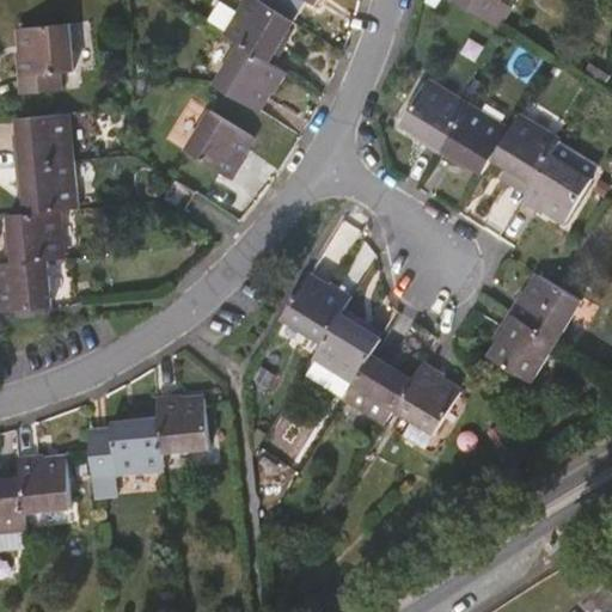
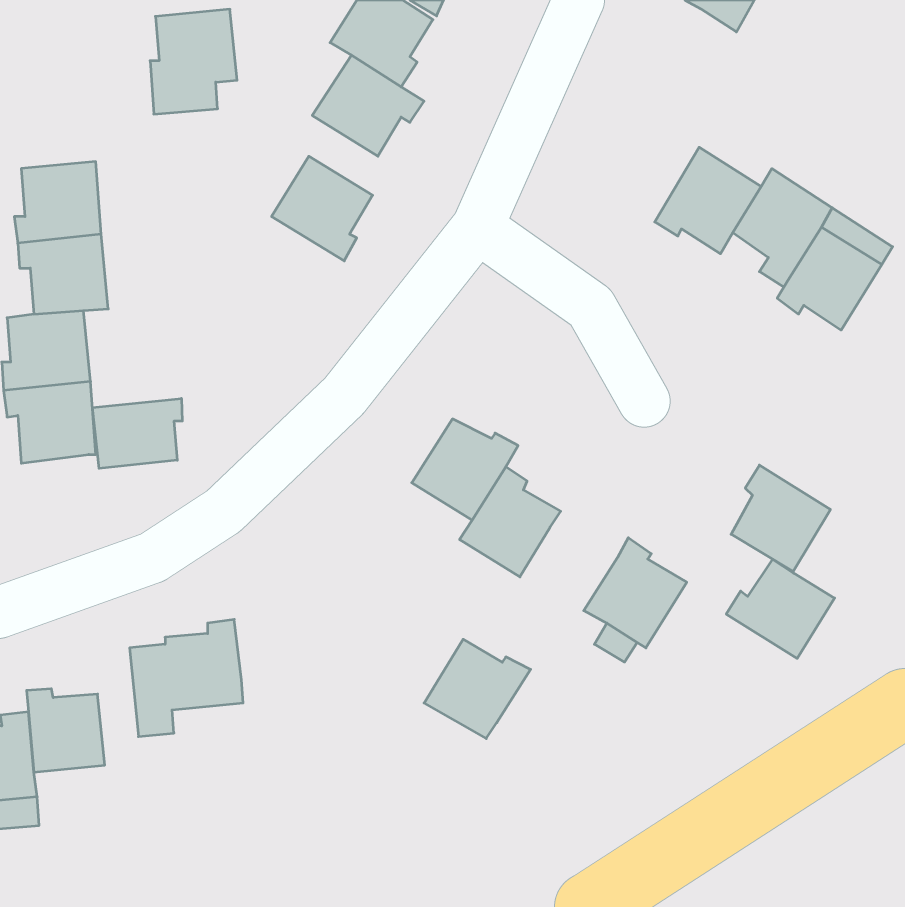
building: [14,18,73,88] -> [150,9,237,114]
building: [403,74,471,149] -> none
building: none -> [92,398,182,468]
building: [512,276,585,343] -> [726,559,835,658]
building: [344,355,416,422] -> [424,639,531,739]
building: [157,400,209,458] -> none

